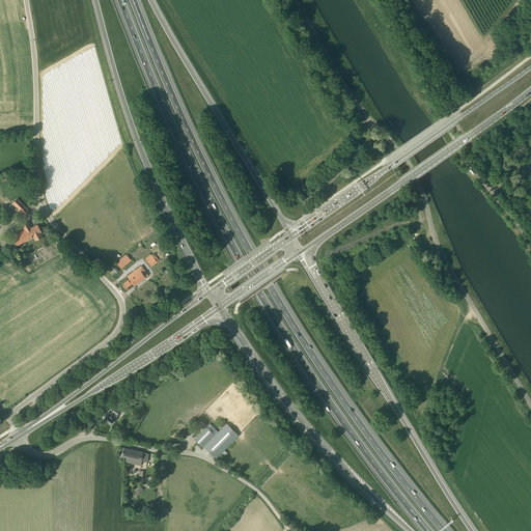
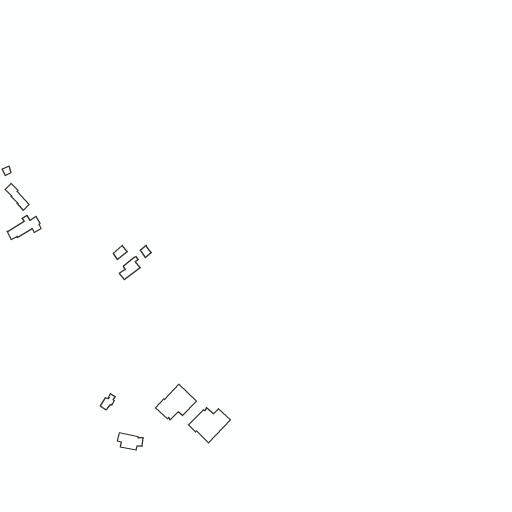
building: none -> [155,384,196,420]

